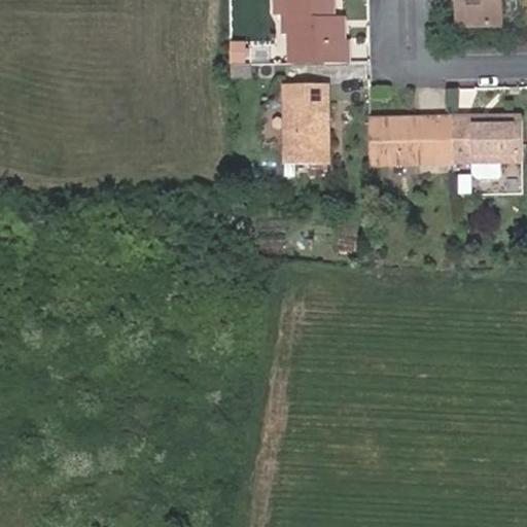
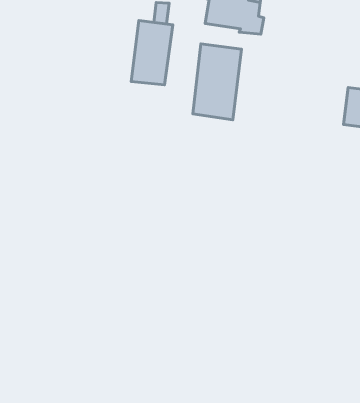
building: none -> [131,21,173,85]
building: [370,113,453,160] -> none

